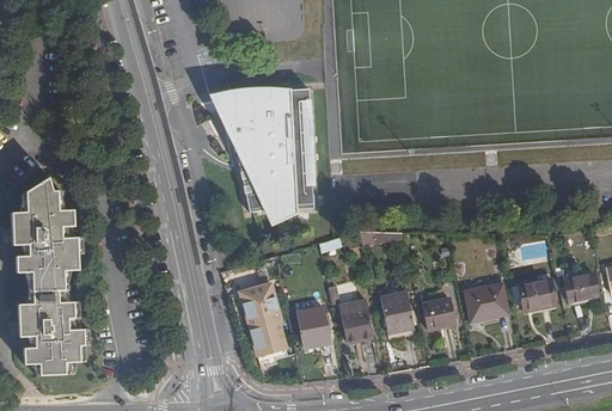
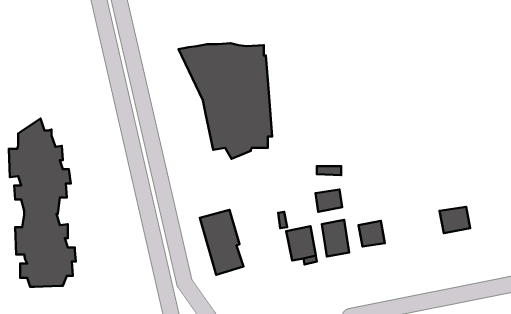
building: none -> [315,189,342,212]
building: [564,272,596,297] -> none
building: [464,278,508,321] -> none
building: [294,301,328,342] -> none

